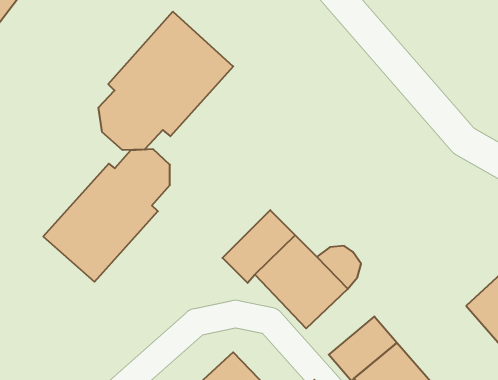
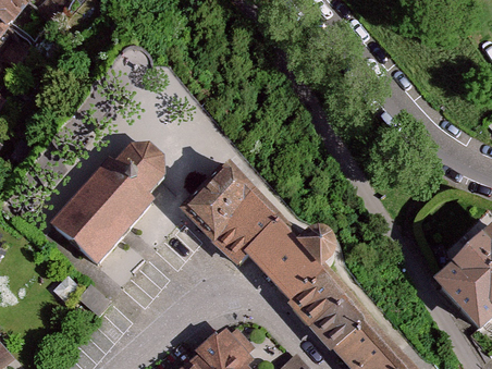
building: [99,12,233,150] -> none
building: none -> [184,169,257,241]
building: none -> [290,269,352,329]

